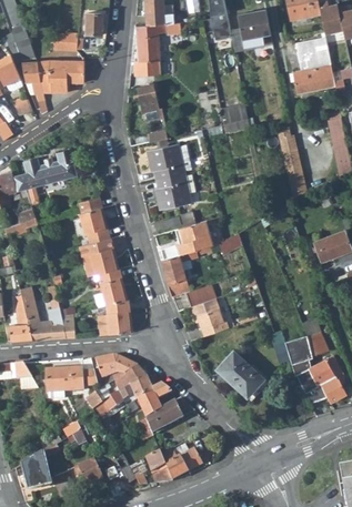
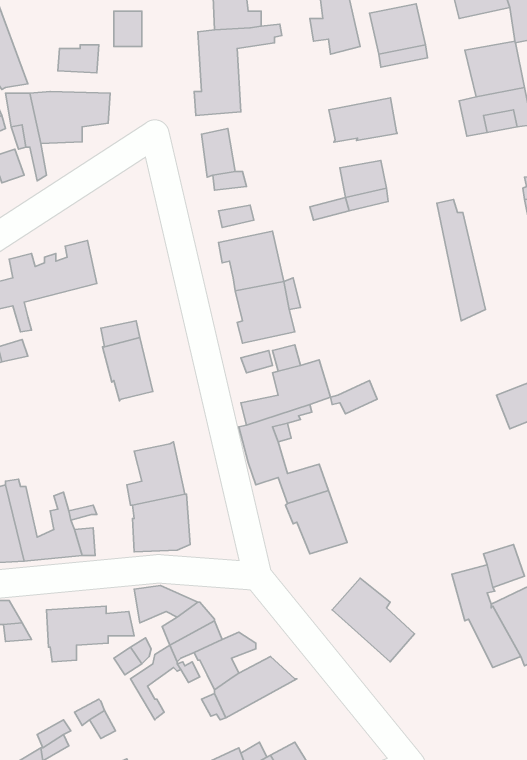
building: none -> [329,98,397,142]
building: [80,240,119,277] -> none

